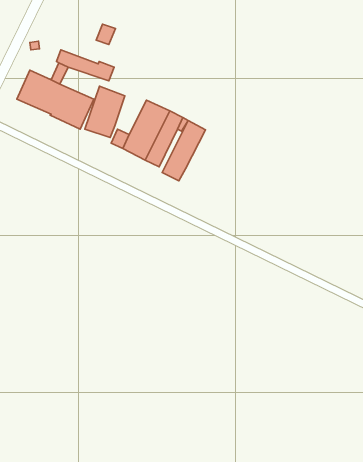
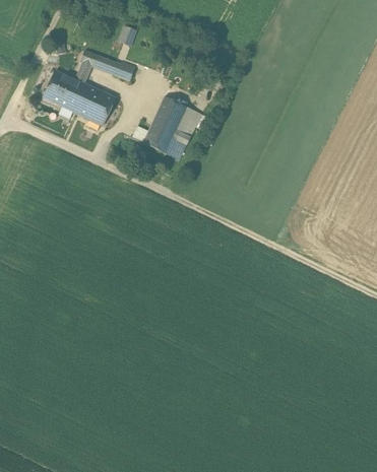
building: [85,86,125,138] -> none
building: [162,121,206,181] -> none

